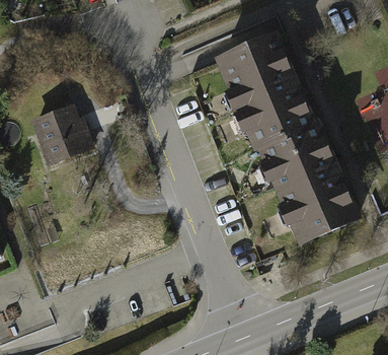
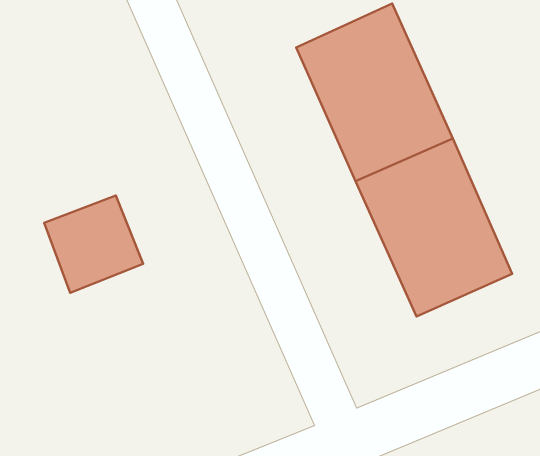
building: [28,101,94,166] -> [44,196,143,293]

